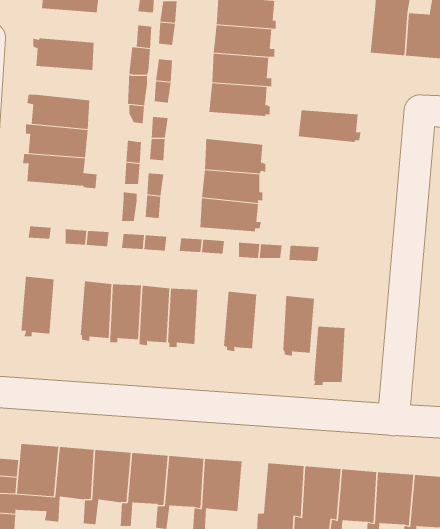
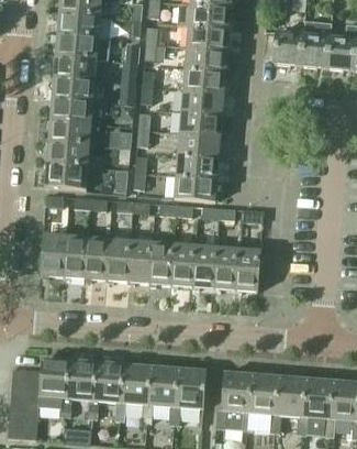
building: none -> [274,33,303,67]
building: none -> [51,34,111,61]
building: none -> [47,77,94,102]
building: [298,110,361,142] -> [178,111,225,135]
building: none -> [40,163,87,188]
building: none -> [63,236,88,280]
building: none -> [170,243,194,287]
building: [313,326,346,386] -> [213,247,237,291]

